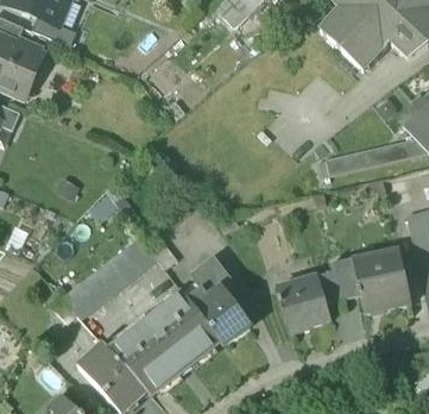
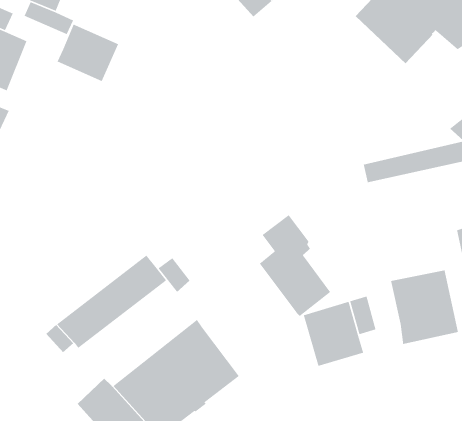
building: none -> [56,24,119,82]
building: [188,256,251,345] -> [259,214,331,317]
building: [328,258,359,301] -> none

